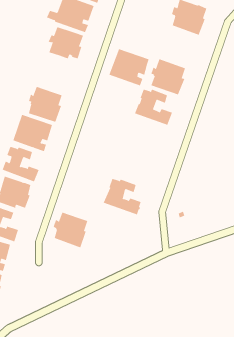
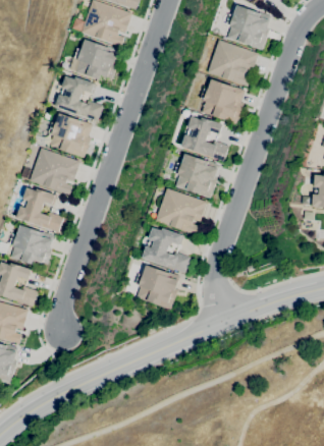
building: [108,49,150,86] -> [207,40,258,87]
building: none -> [54,75,102,121]
building: none -> [174,153,219,198]
building: none -> [156,188,206,234]
building: [53,212,88,248] -> [136,265,179,310]

